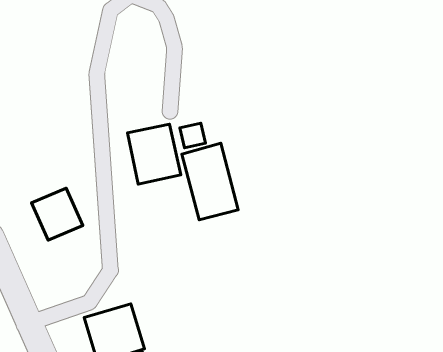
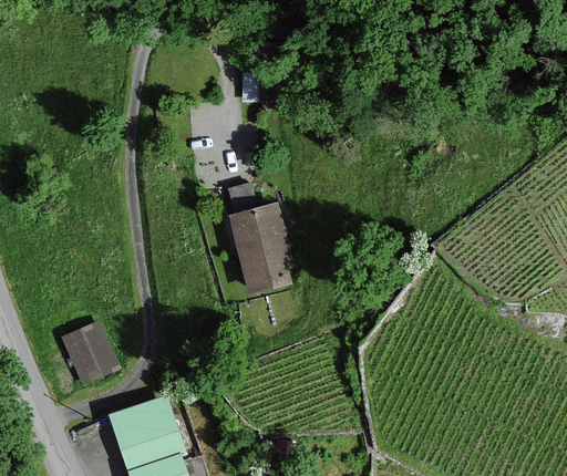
building: [128,124,181,184] -> none
building: [32,188,83,240] -> [60,323,122,386]

